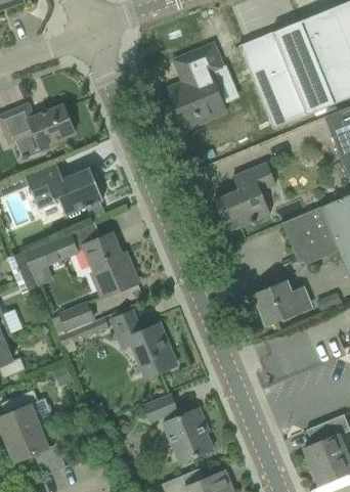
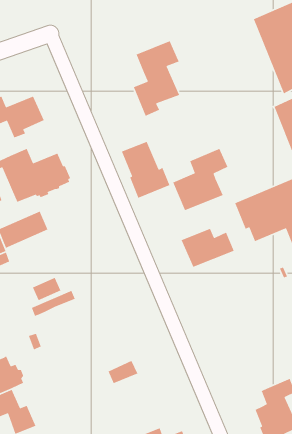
building: [238,19,336,128] -> none
building: [83,233,137,297] -> [121,141,170,199]
building: [253,280,312,324] -> [181,228,235,268]
building: [111,310,176,376] -> none
building: [163,407,212,462] -> none

